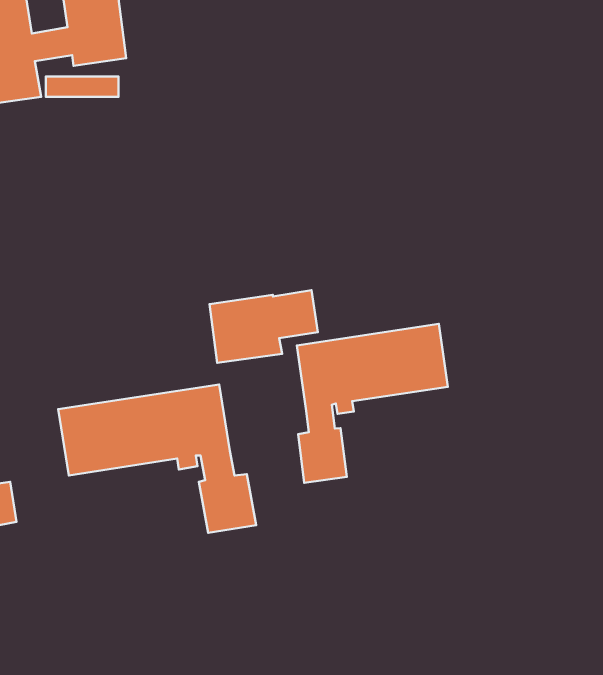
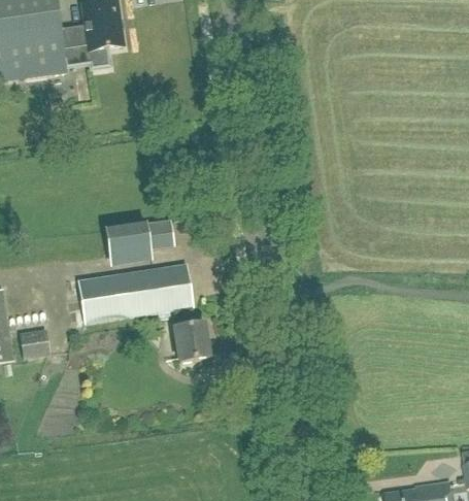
building: [209,290,318,363] -> [103,219,175,267]
building: [297,324,448,483] -> none

